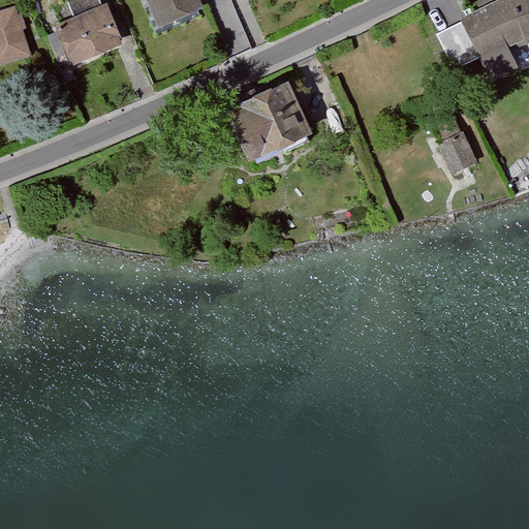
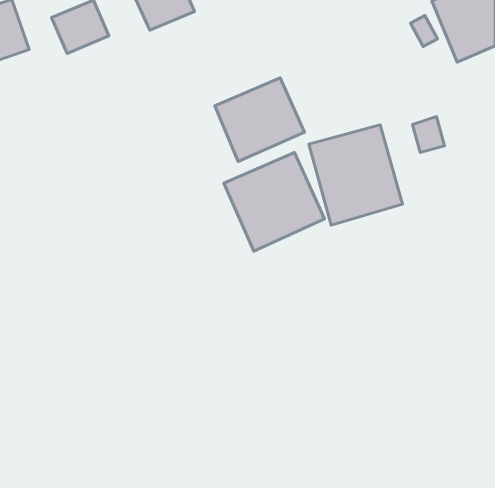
building: none -> [309,125,403,225]
building: none -> [224,153,324,251]

